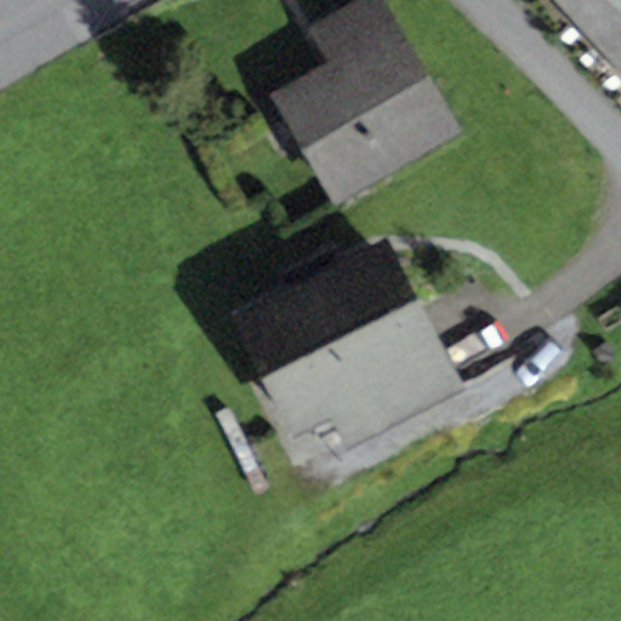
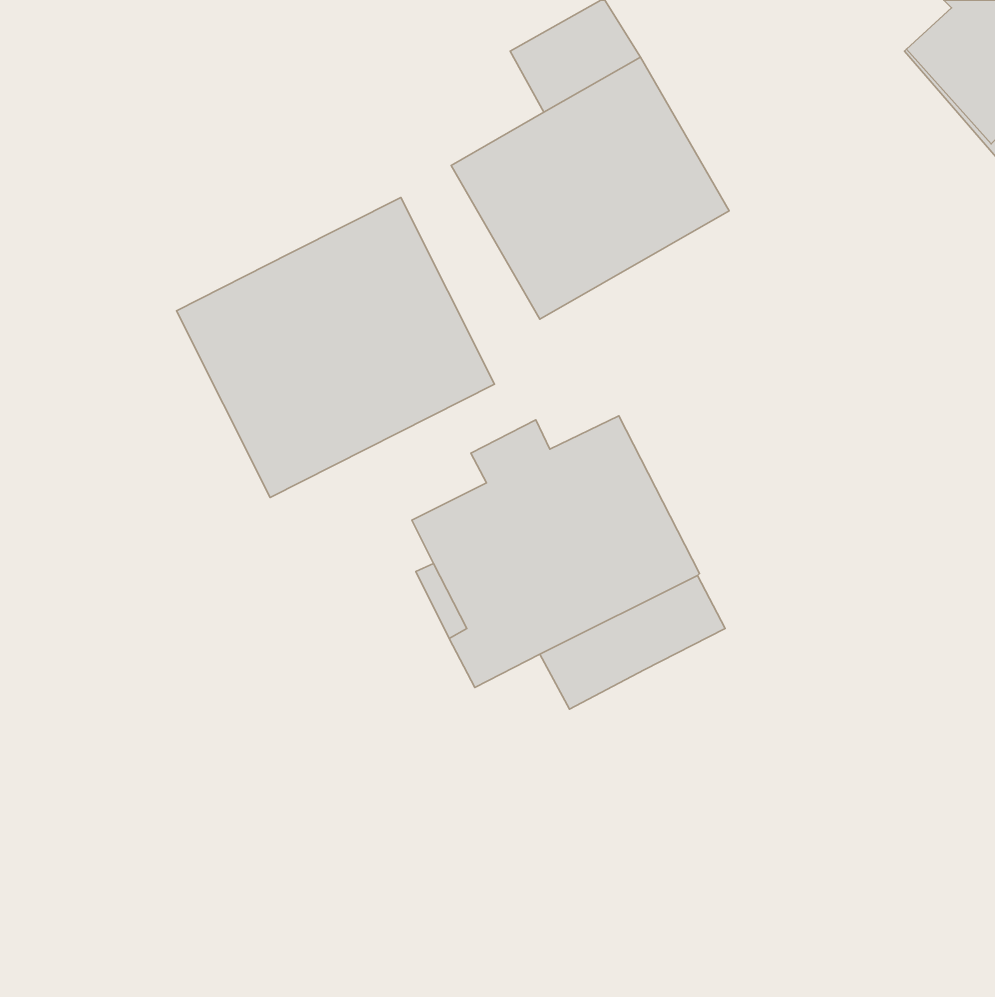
building: none -> [176,197,494,498]

